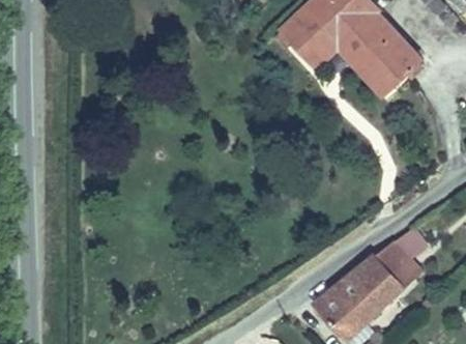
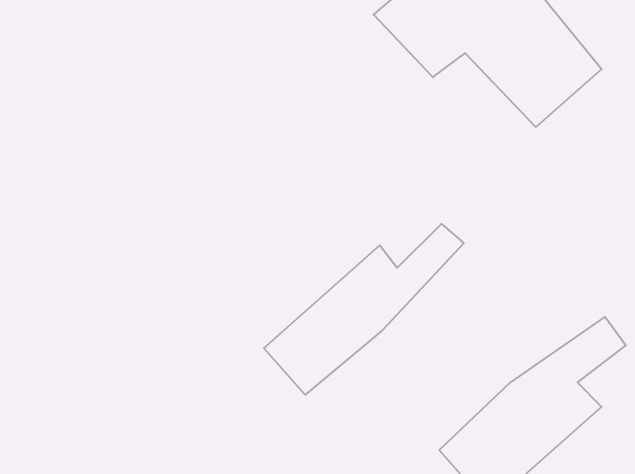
building: none -> [264,224,464,395]

